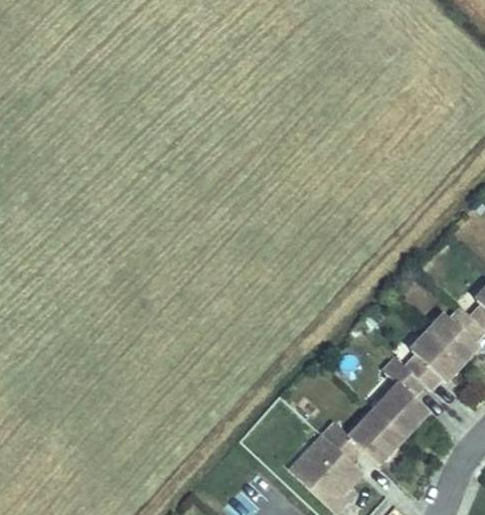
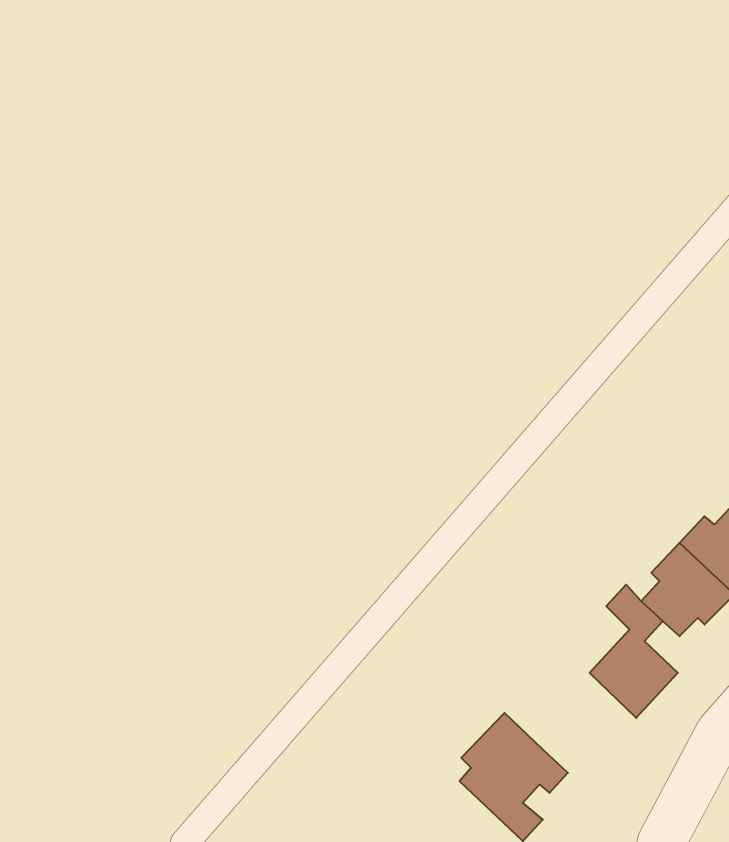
building: [326,407,406,461] -> none

